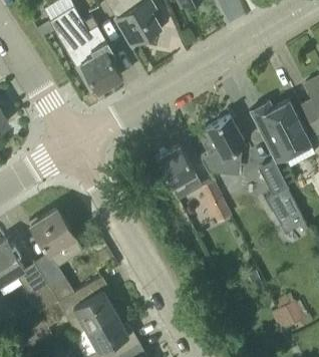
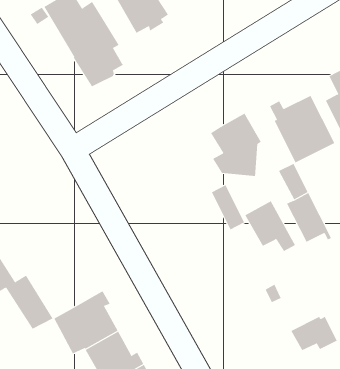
building: [155,145,202,192] -> [244,201,296,252]
building: [29,209,83,302] -> none

